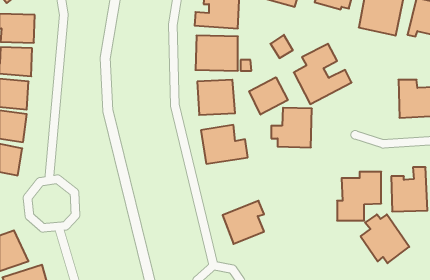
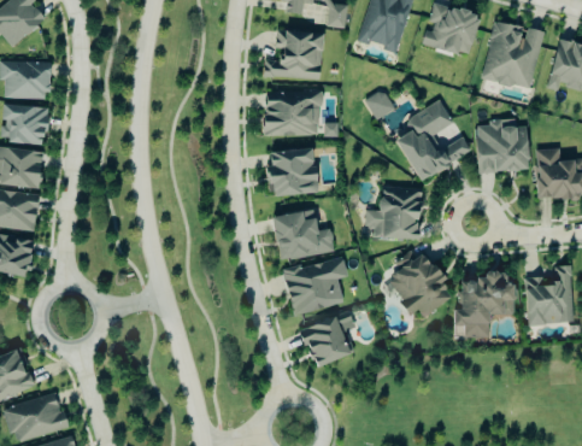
building: none -> [475,118,528,172]
building: [249,77,288,115] -> none
building: none -> [283,256,347,315]
building: [361,214,409,263] -> [388,252,453,317]

